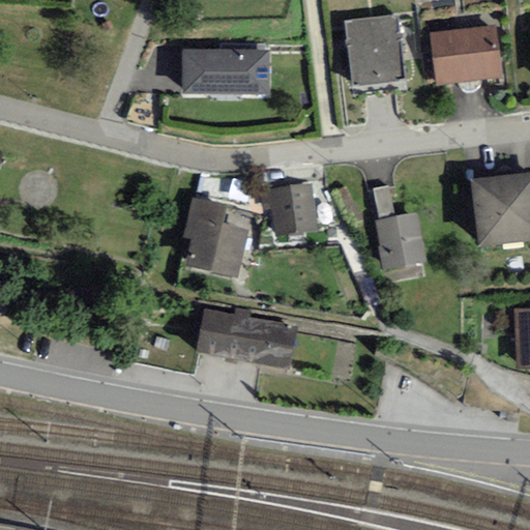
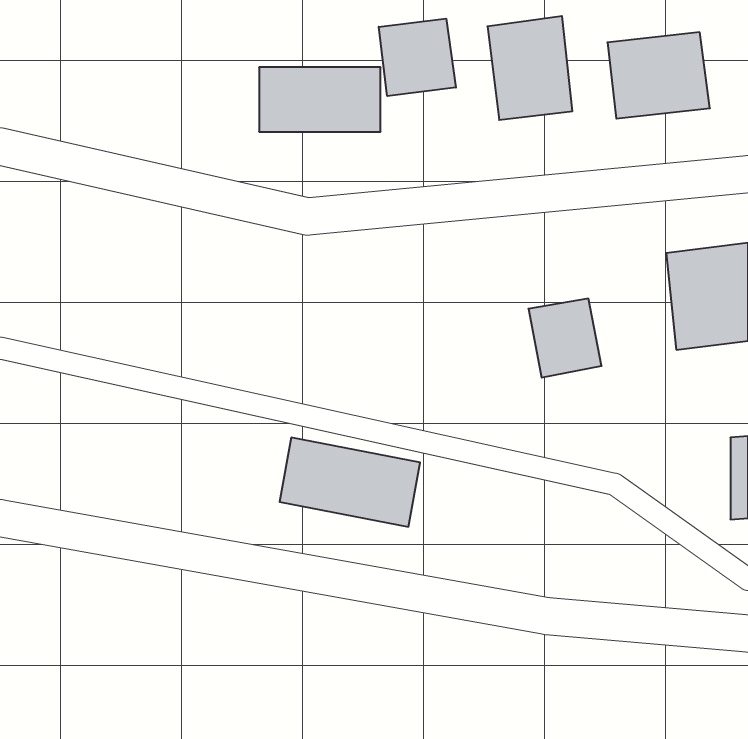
building: none -> [379,19,456,96]
building: [259,179,317,233] -> none
building: [177,196,248,277] -> none

